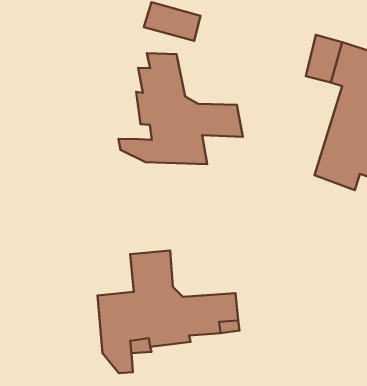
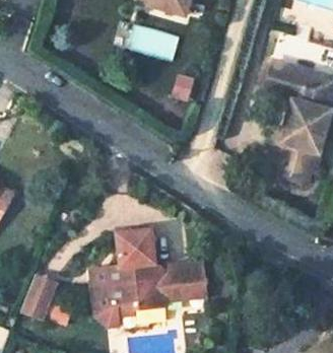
building: [118,53,243,164] -> none
building: none -> [24,276,58,320]

